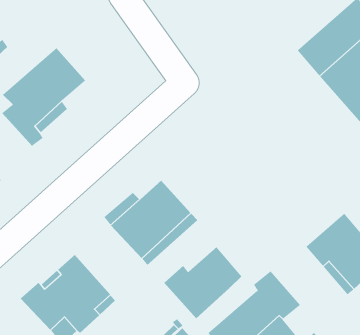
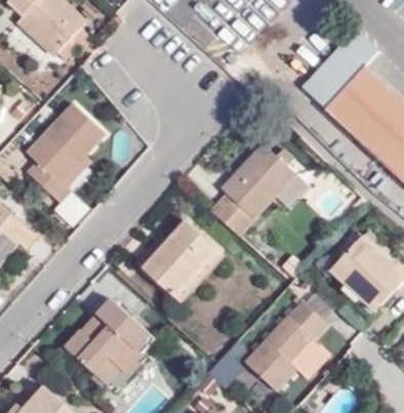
building: none -> [212,143,295,233]
building: [164,246,242,319] -> none

